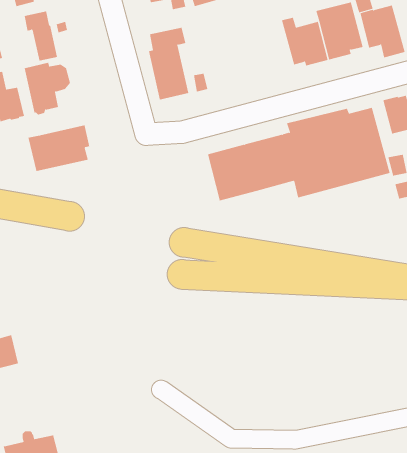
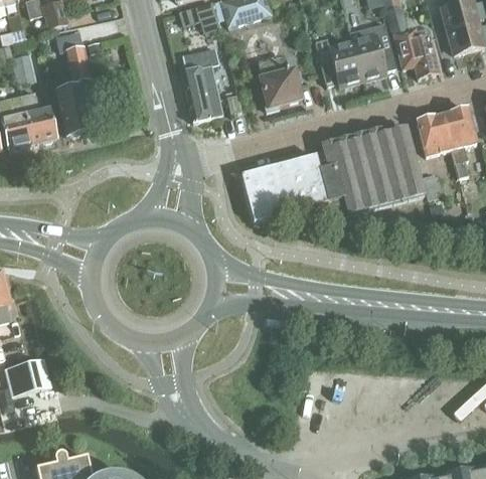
building: none -> [258,53,301,110]
building: [28,125,90,172] -> none

